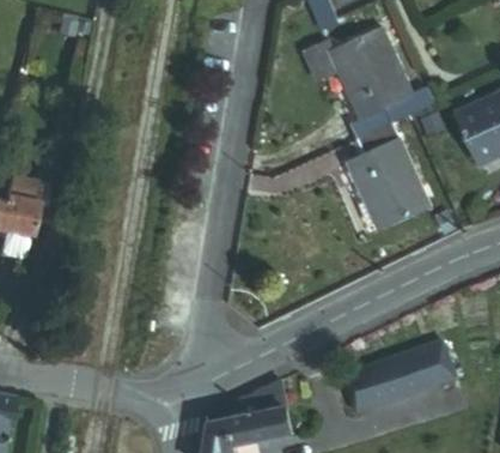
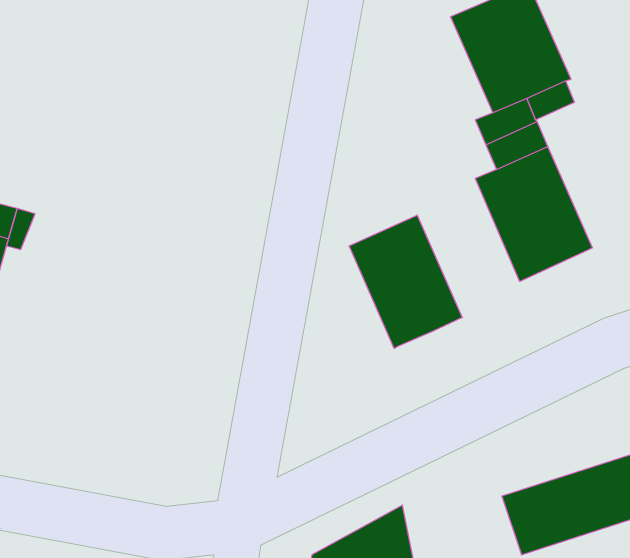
building: none -> [349,215,462,349]

